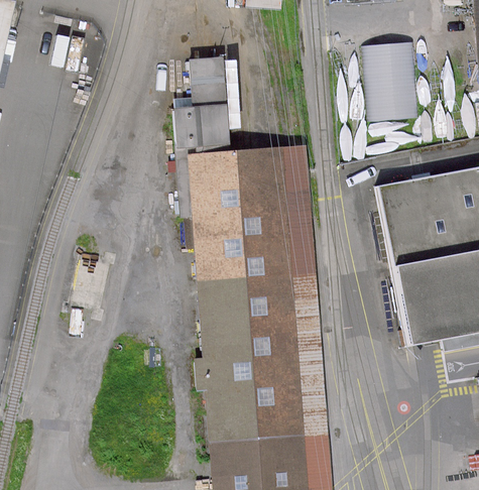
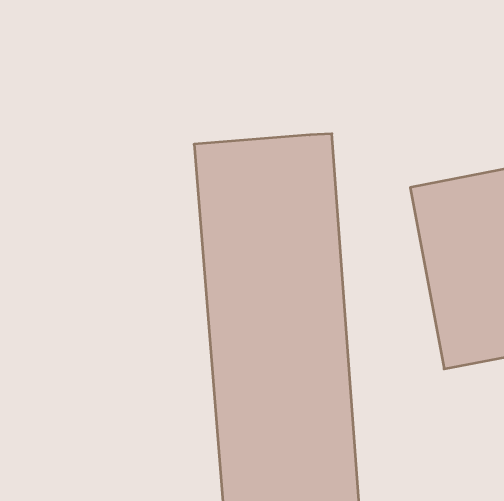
building: [364,39,417,116] -> none
building: [170,56,230,148] -> none

